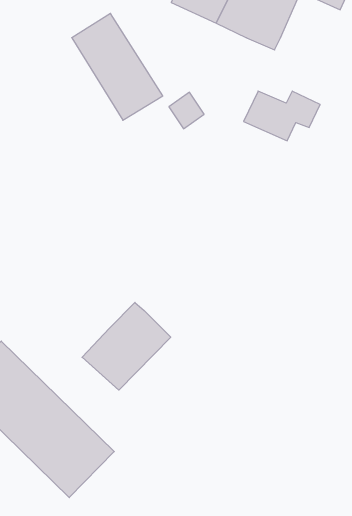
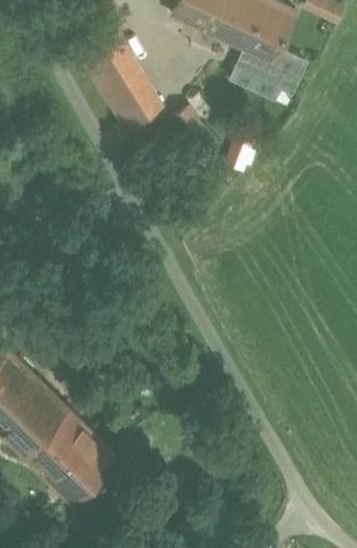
building: [244,91,320,141] -> [232,51,307,100]
building: [82,302,171,390] -> none

